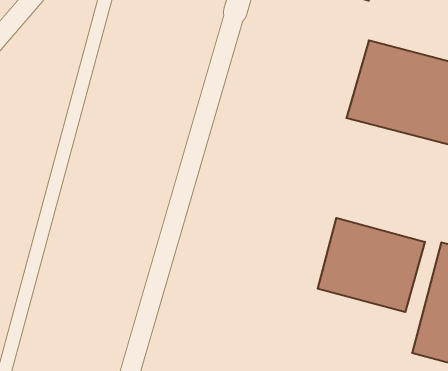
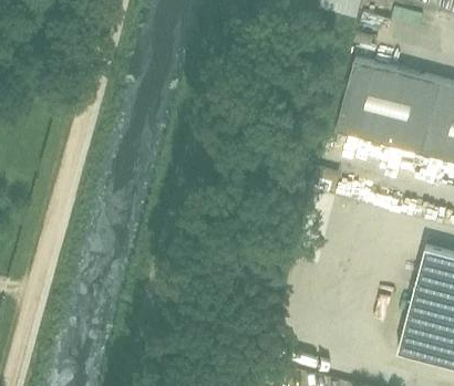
building: [318,218,425,312] -> none

